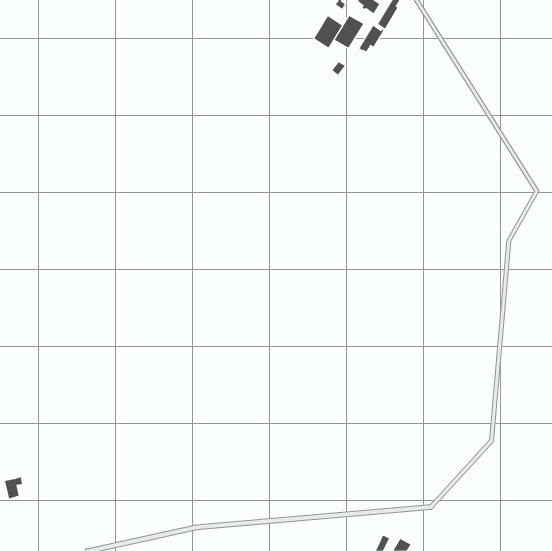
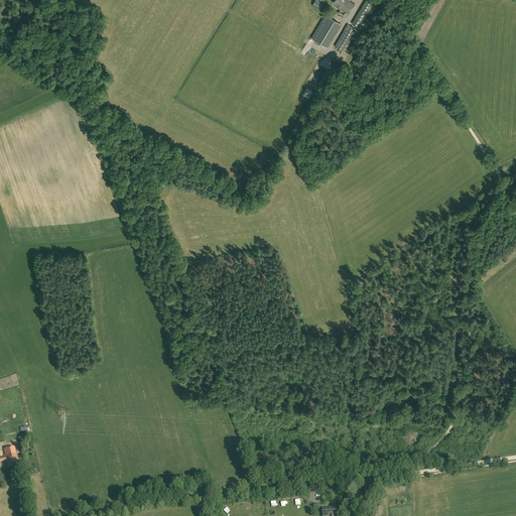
building: [313,15,343,48] -> none

